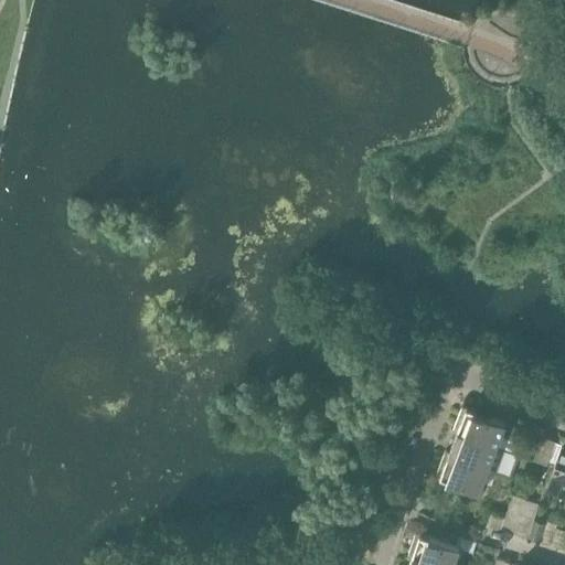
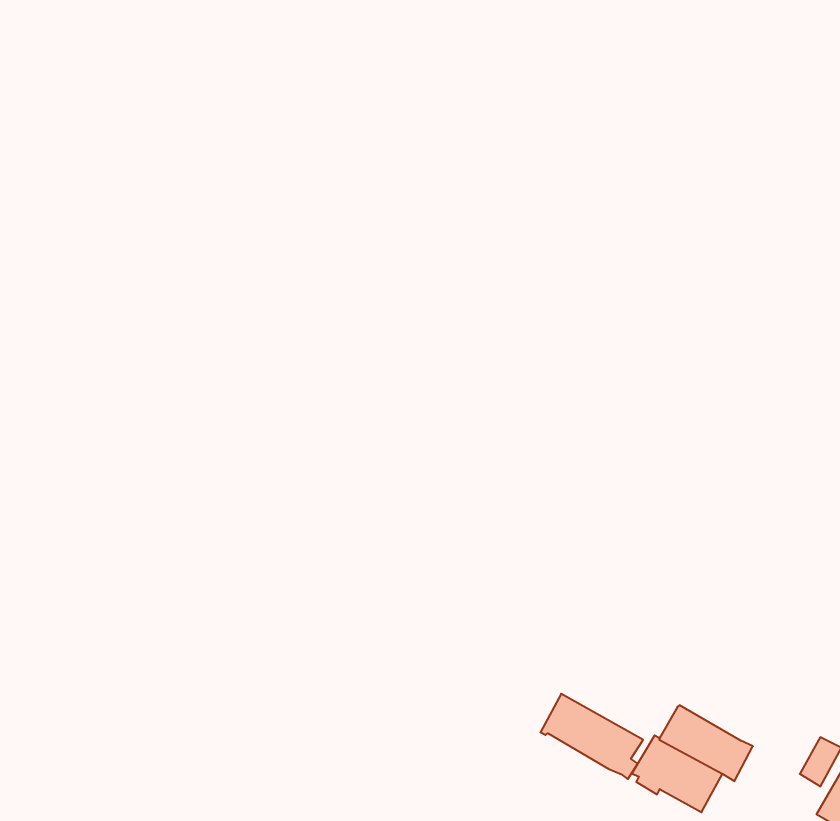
building: [456,411,516,455] -> [540,694,643,779]

